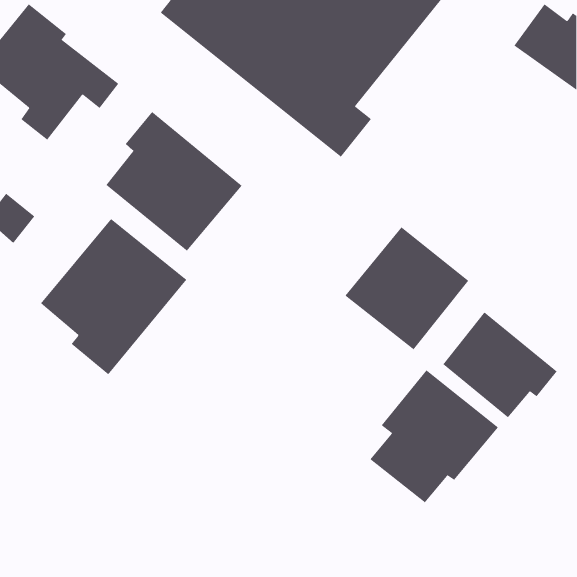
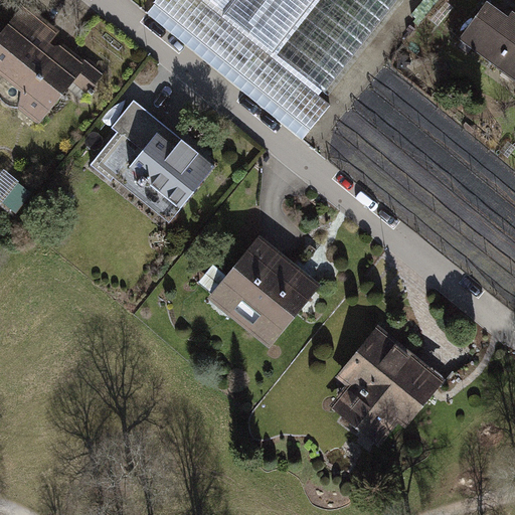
building: [40,218,187,375] -> none
building: [345,226,469,350] -> [209,236,320,346]
building: [442,312,558,418] -> none

